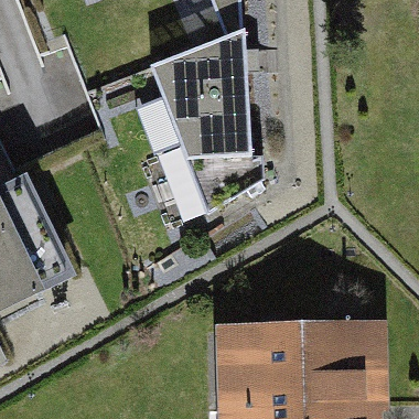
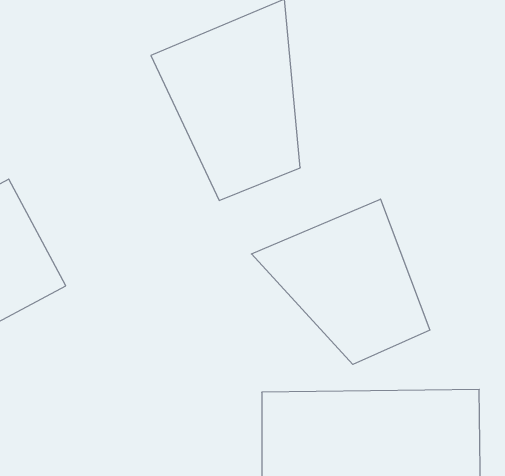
building: none -> [251,199,430,364]

